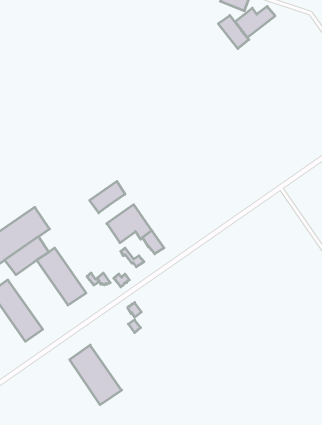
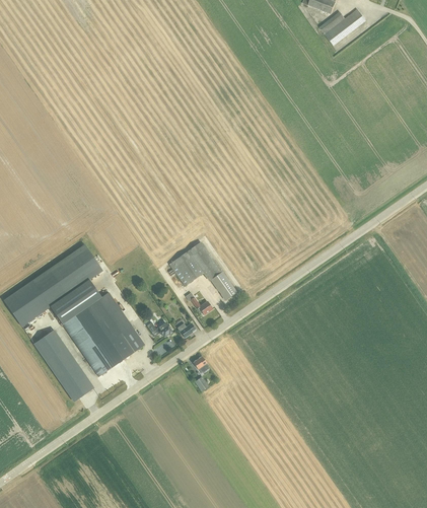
building: [218,15,249,49] -> none
building: [90,181,125,213] -> none
building: [70,345,122,405] -> [62,306,123,376]

